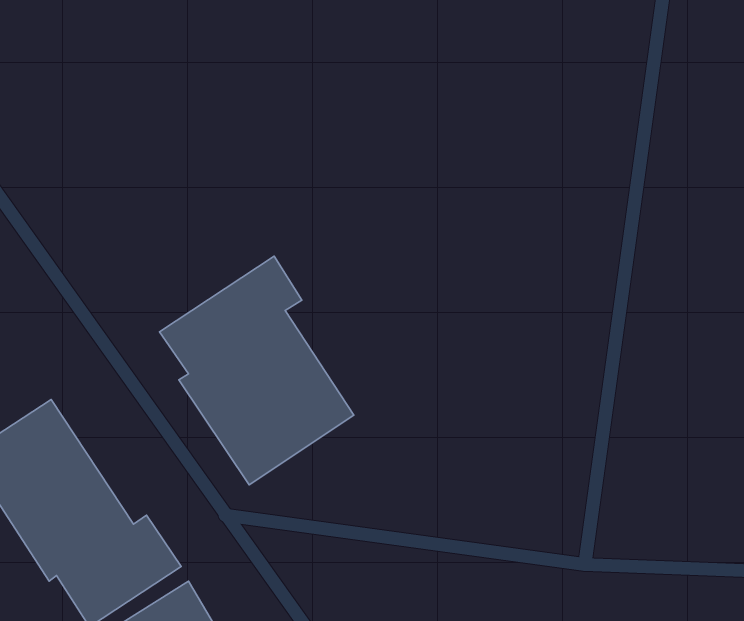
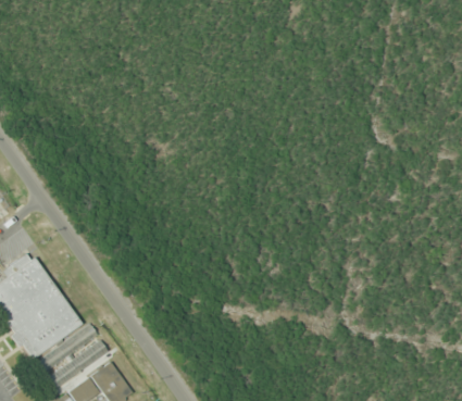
building: [160,256,354,485] -> none

